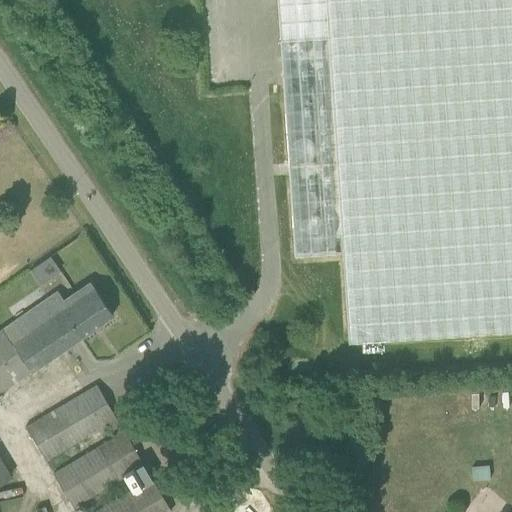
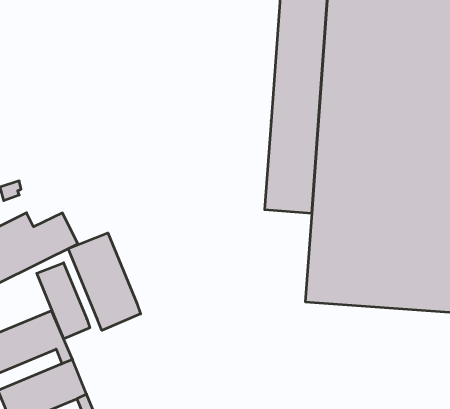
building: none -> [68,233,141,330]
building: none -> [37,263,90,339]

